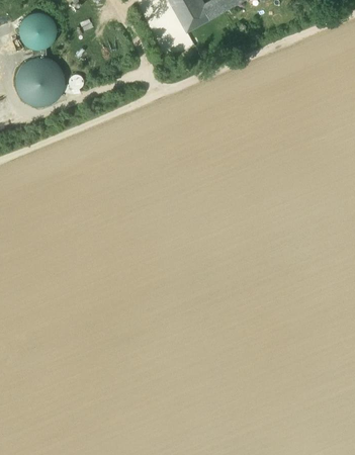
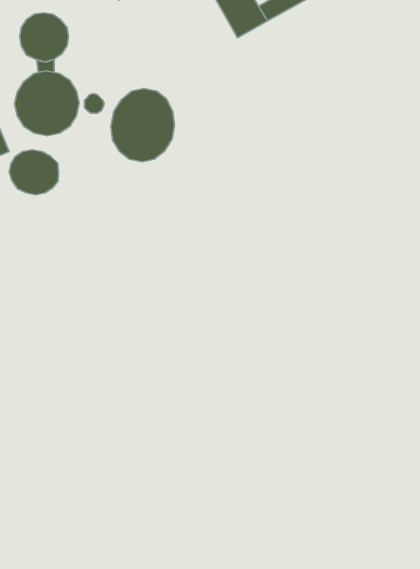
building: none -> [111,88,175,162]
building: none -> [9,150,59,195]

